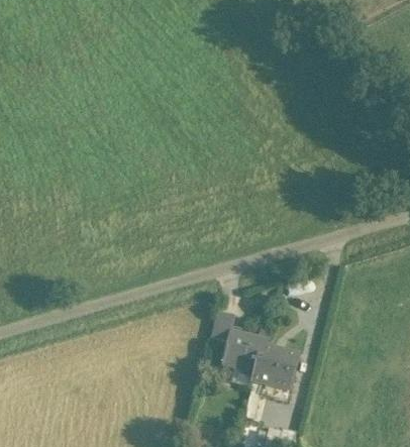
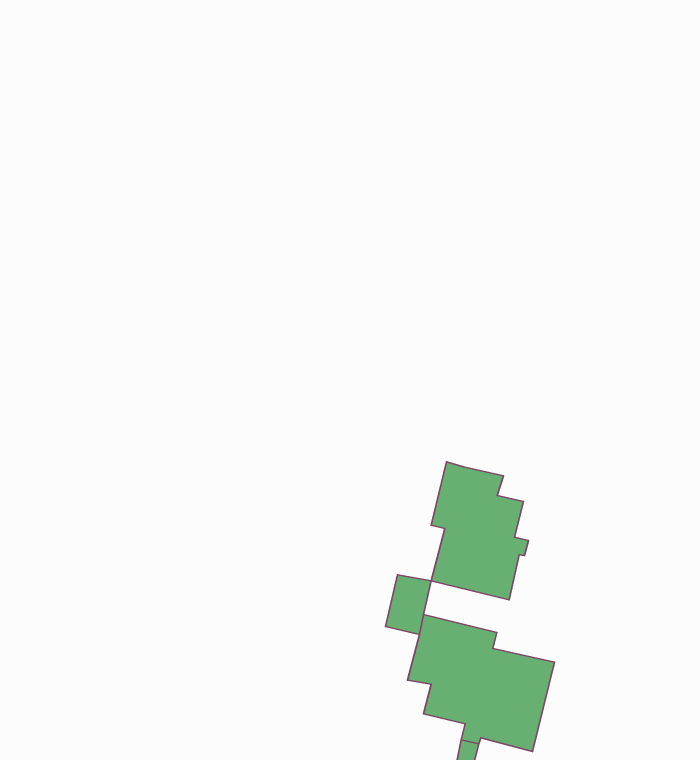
building: none -> [431,462,528,600]

